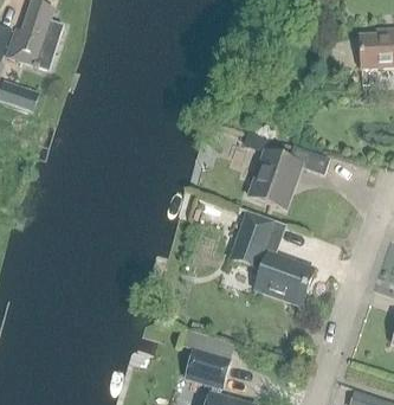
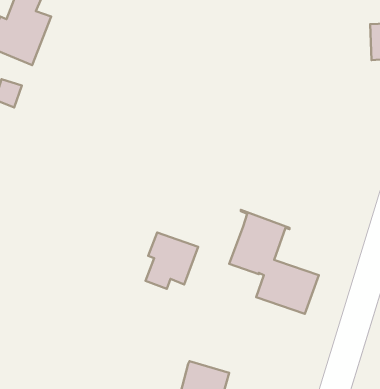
building: [248,144,328,206] -> none
building: none -> [146,232,198,289]

